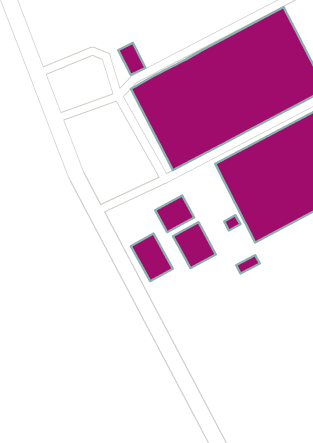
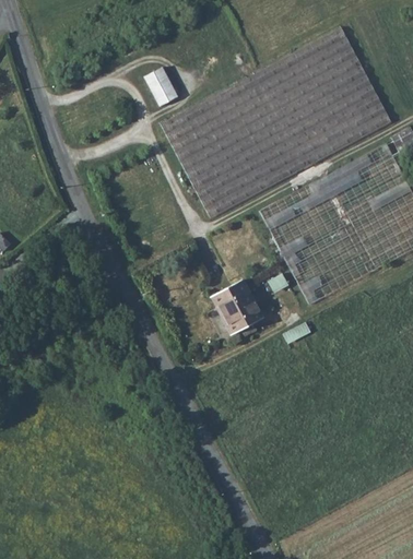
building: [155,196,194,232] -> none
building: [131,234,173,281] -> none

